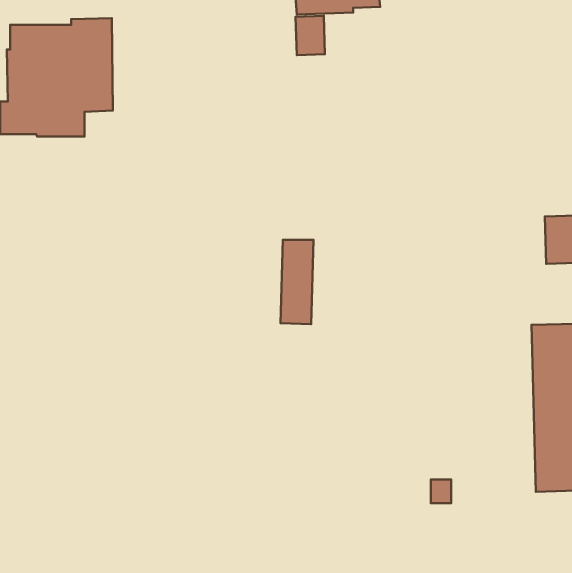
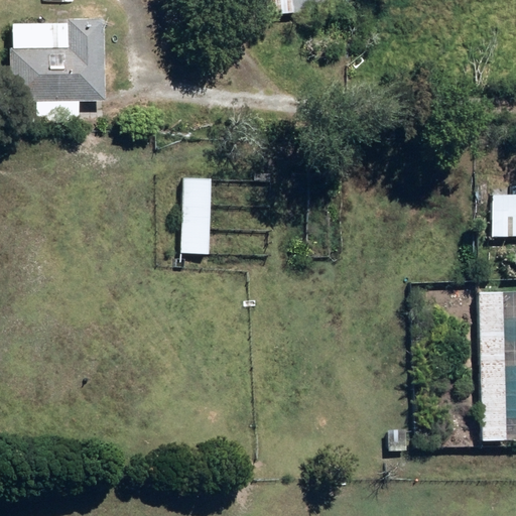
building: [281,240,313,324] -> [181,177,211,253]

